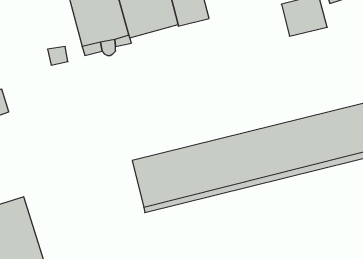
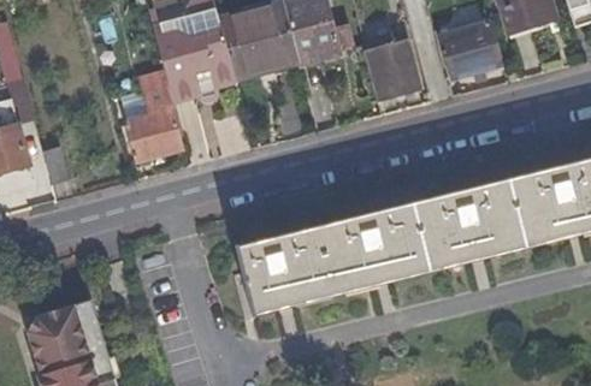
building: none -> [365,36,419,97]
building: none -> [124,109,182,161]

